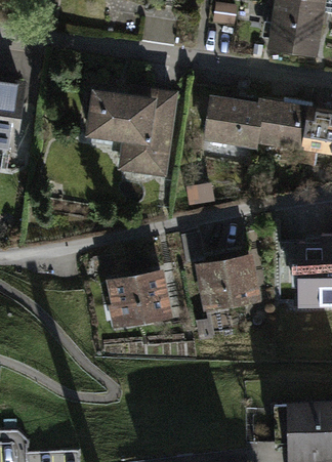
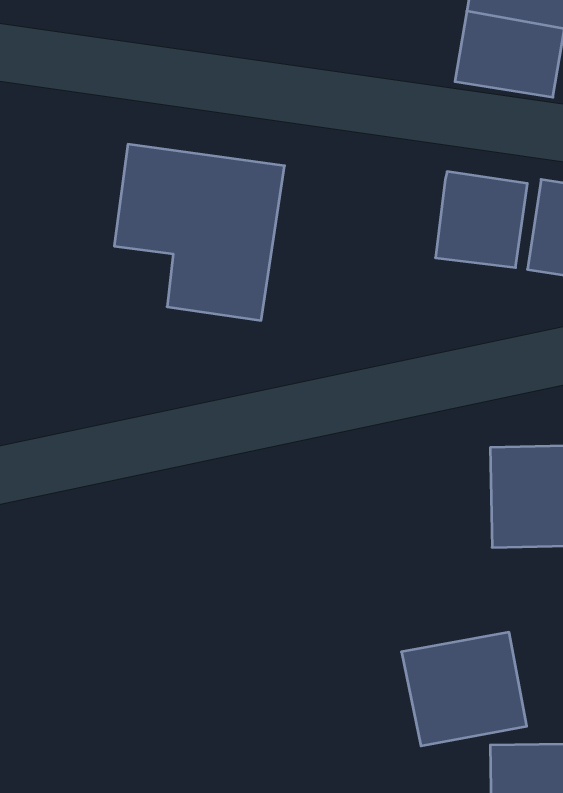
building: [206,95,261,149] -> none
building: [193,252,258,311] -> [401,632,527,746]
building: [100,265,171,330] -> none

